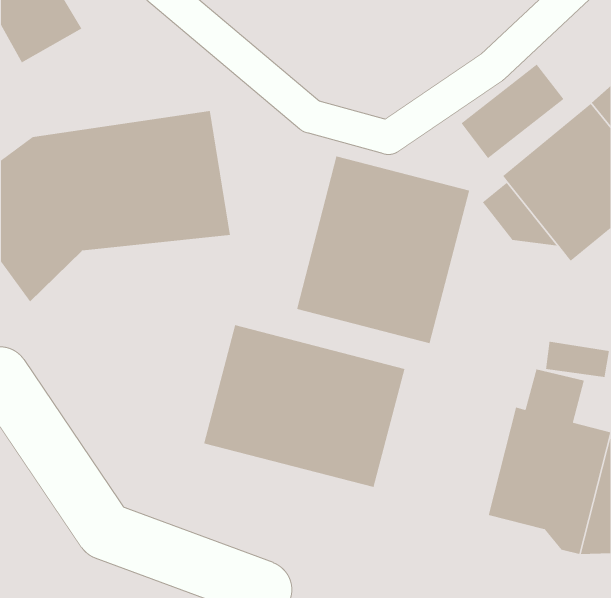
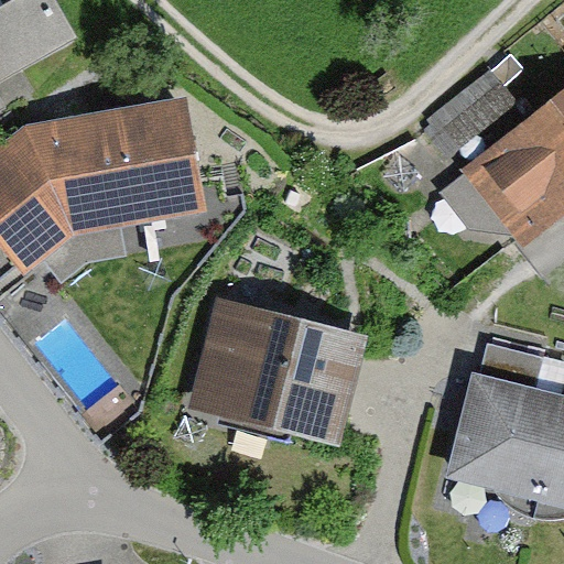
building: [296,156,470,344] -> none

